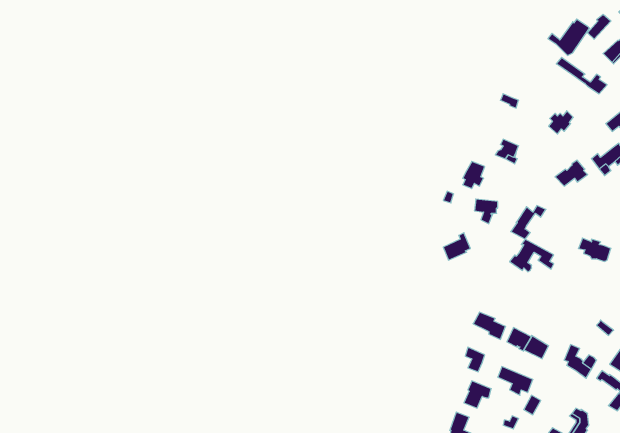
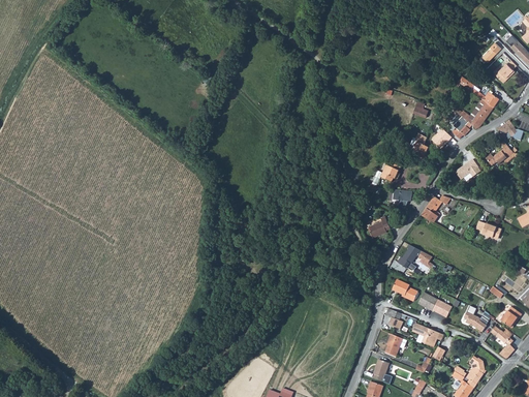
building: [548,19,590,55] -> [460,99,493,128]
building: [510,239,554,272] -> [397,244,432,270]

